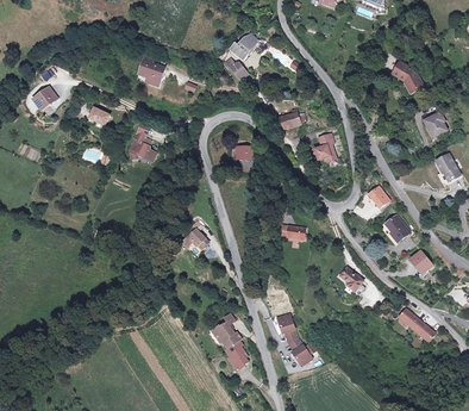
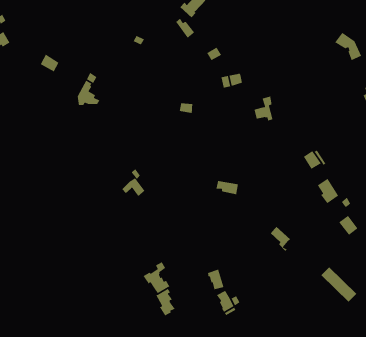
building: [137,54,163,87] -> none

